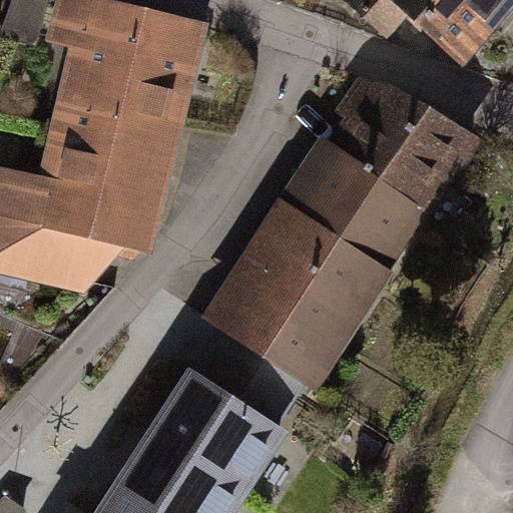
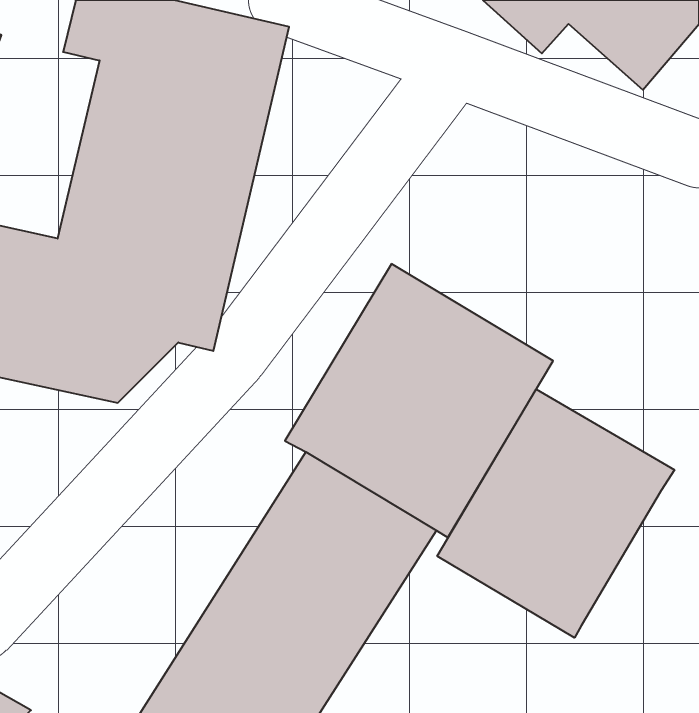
building: [280,74,477,261] -> none
building: none -> [437,389,674,638]

